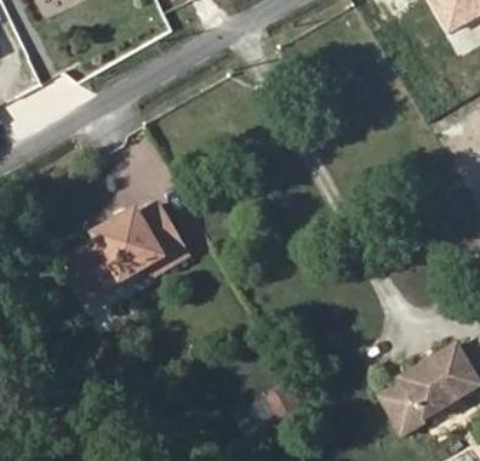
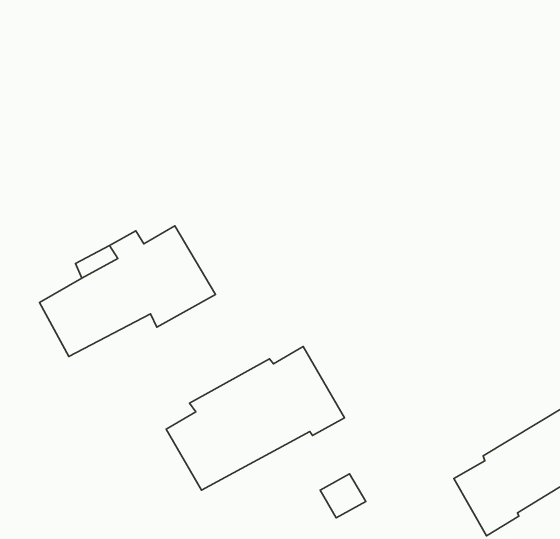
building: none -> [166,346,344,490]

